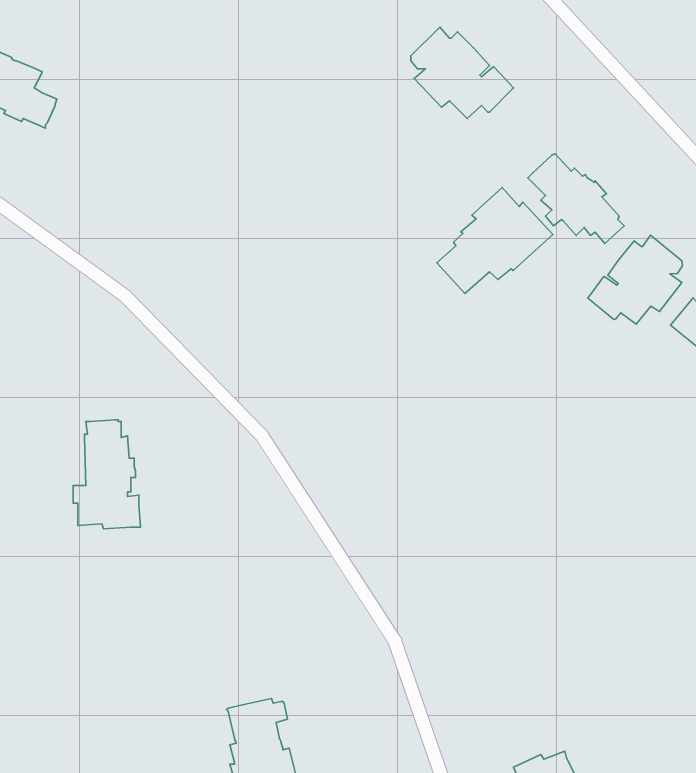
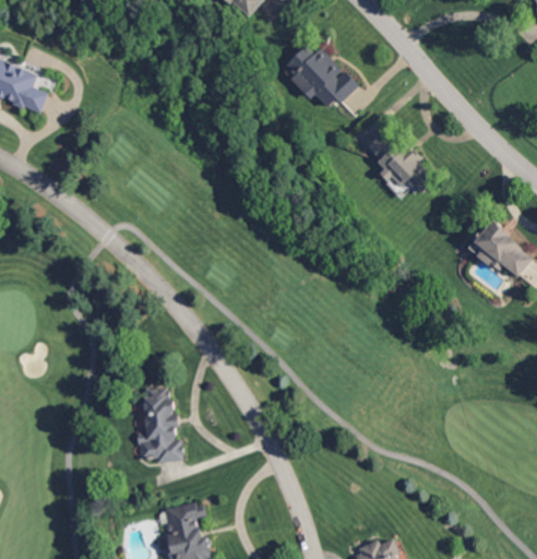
building: [437,187,553,293] -> none
building: [588,235,683,324] -> none
building: [73,420,140,529] -> [135,386,181,461]

